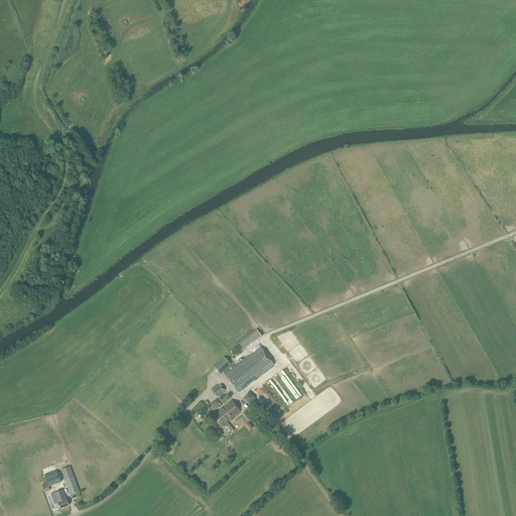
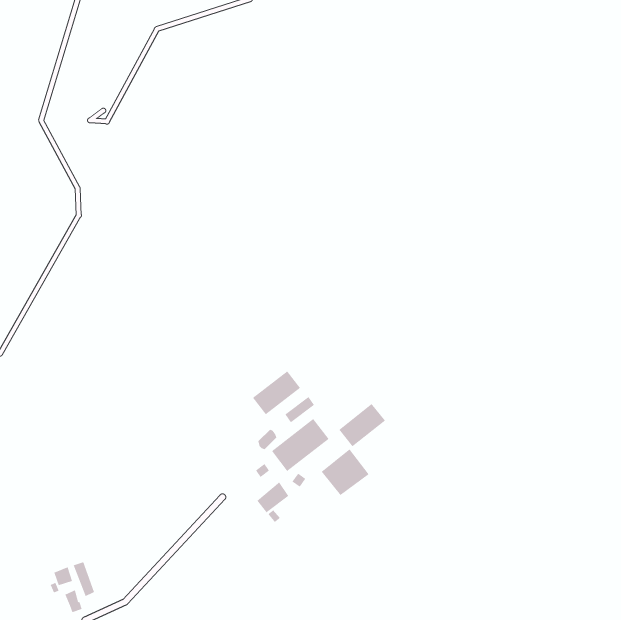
building: none -> [252,371,301,415]
building: none -> [338,403,386,447]

